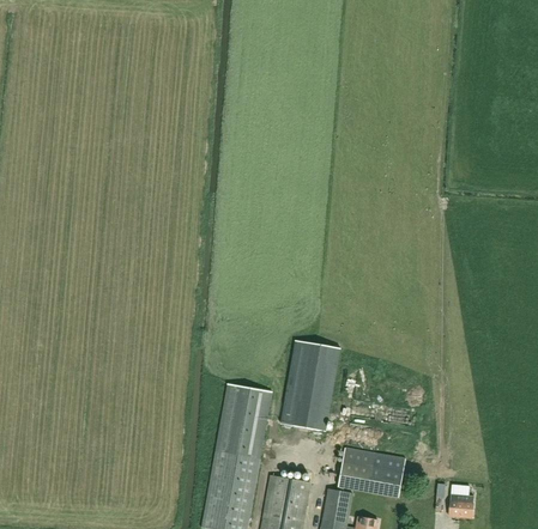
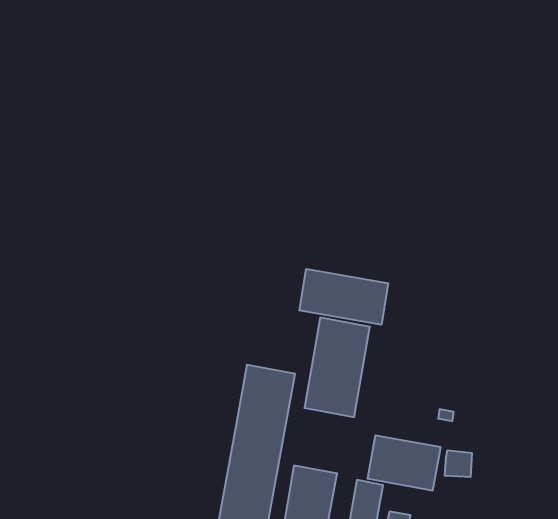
building: none -> [299,269,388,325]
building: [448,492,473,516] -> [445,451,472,477]

